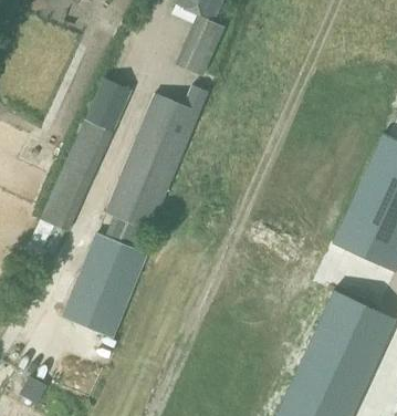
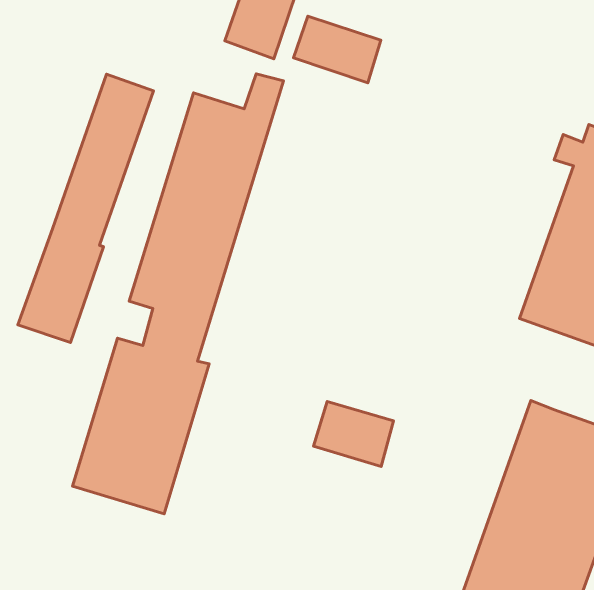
building: none -> [294,16,381,83]
building: none -> [314,402,394,466]

